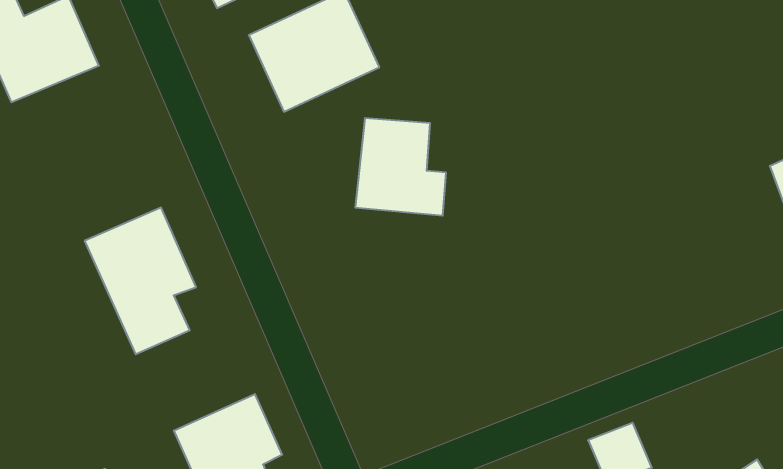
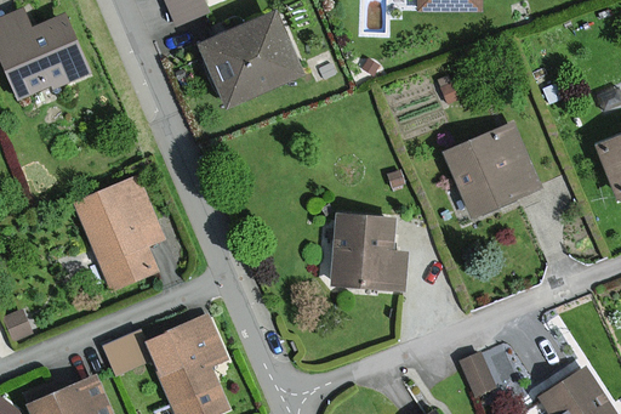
building: [355,118,446,216] -> [335,215,404,289]
building: none -> [444,126,537,217]
building: none -> [101,327,144,370]

